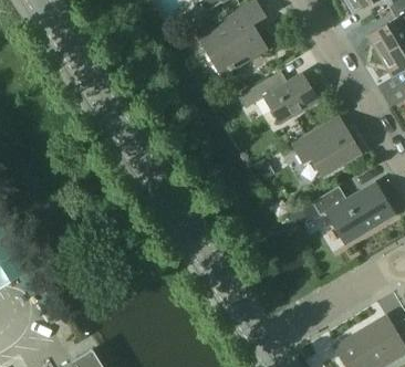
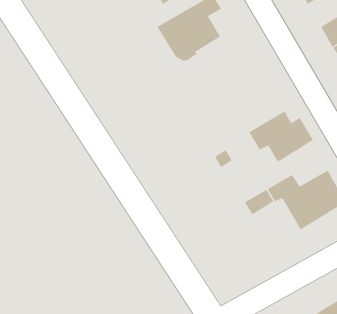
building: [239,74,318,123] -> none

